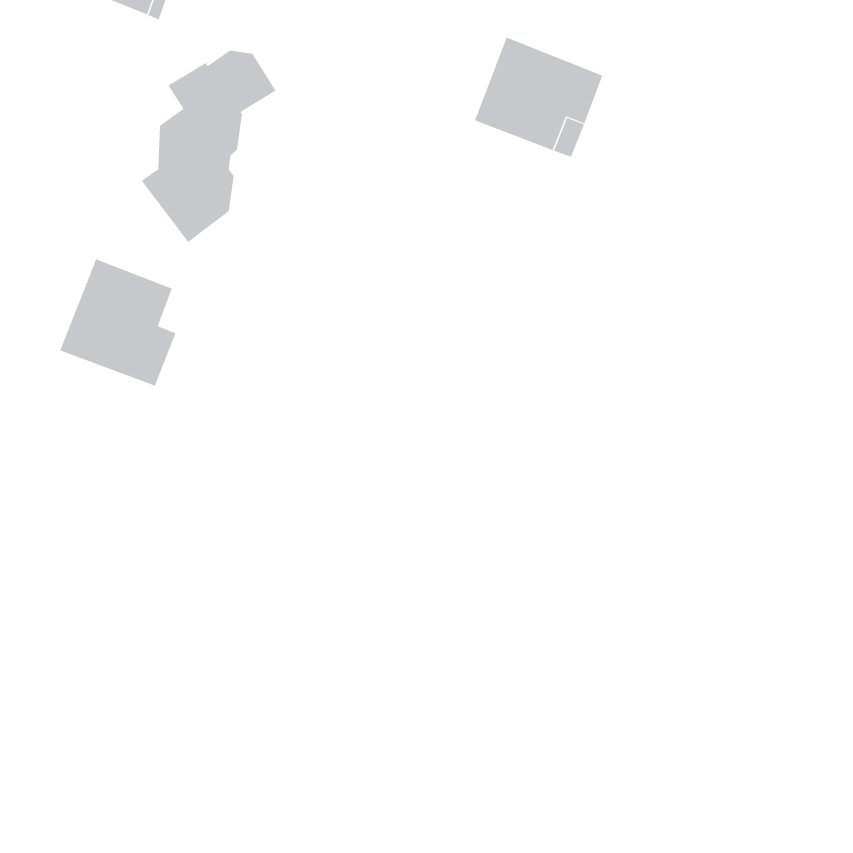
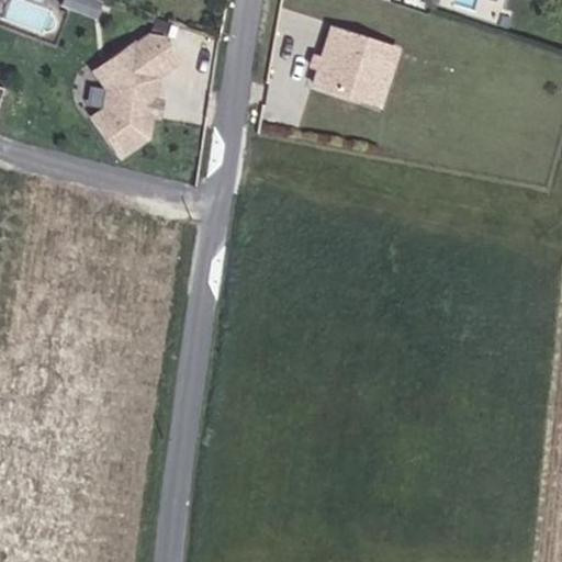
building: [59,258,176,387] -> none

